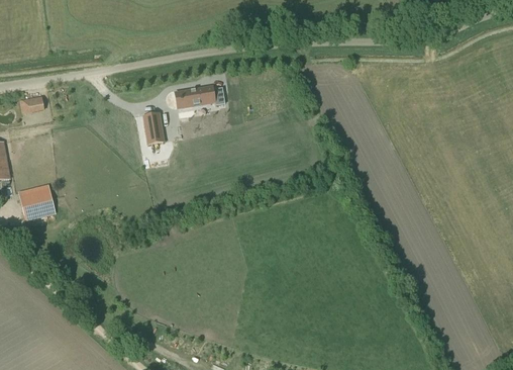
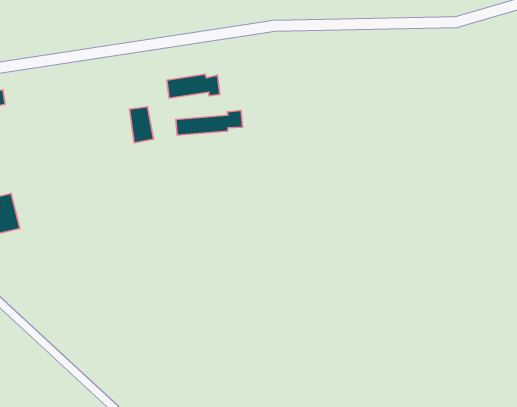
building: none -> [176,110,243,135]

